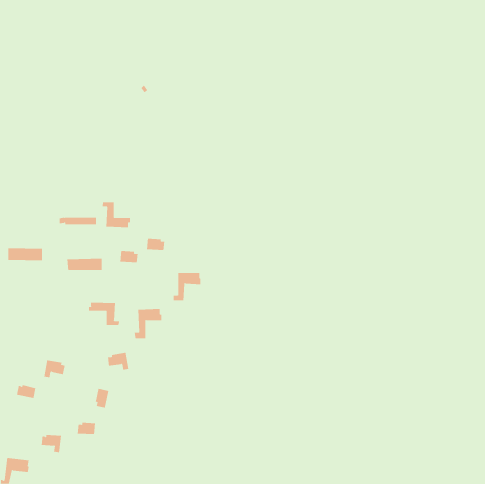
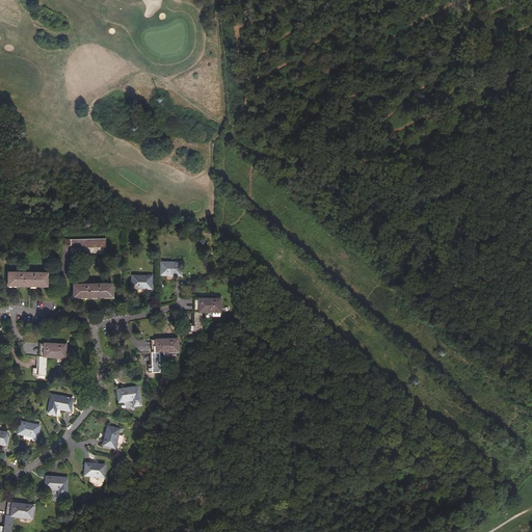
building: [102,201,130,228] -> none
building: [88,302,120,326] -> none
building: none -> [33,343,65,375]

